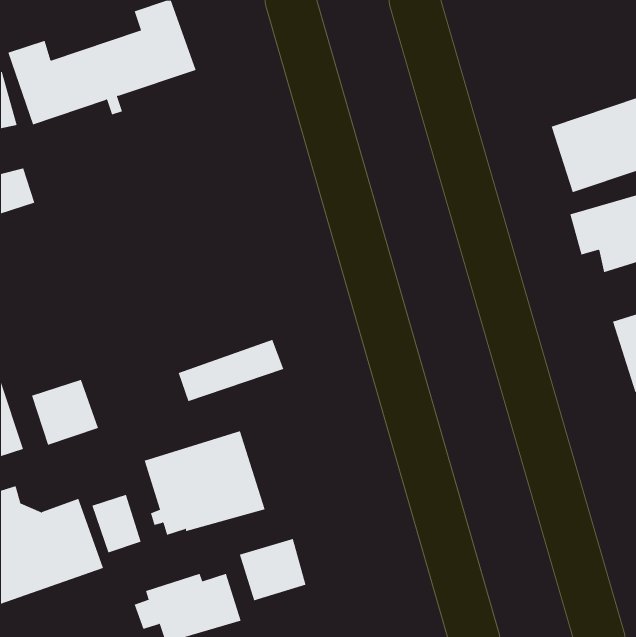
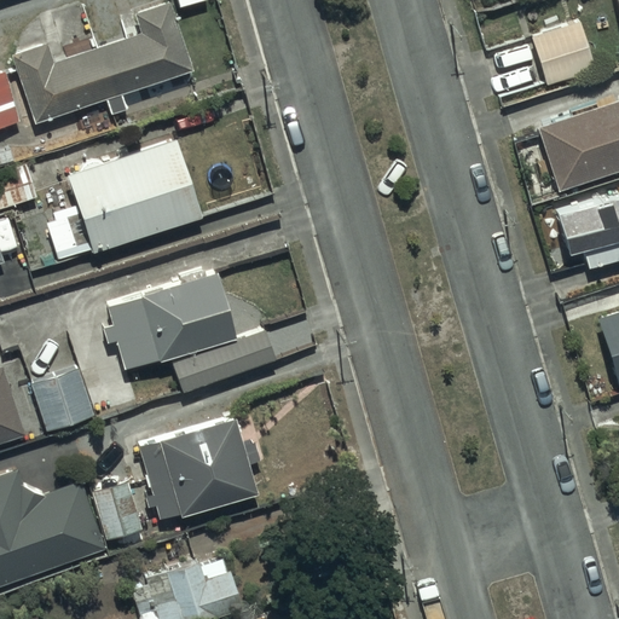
building: none -> [528,19,595,83]
building: none -> [51,139,204,261]
building: none -> [105,274,236,366]
building: [239,538,306,601] -> none

